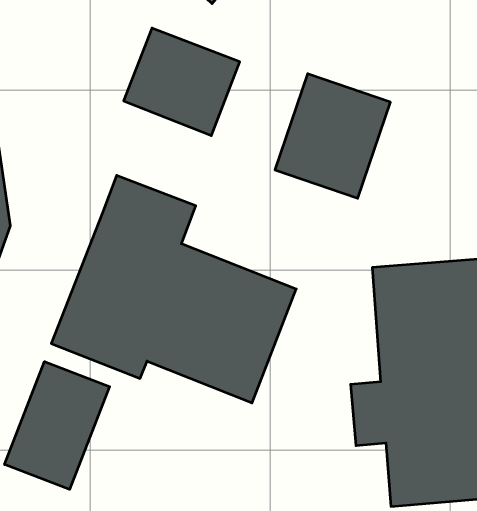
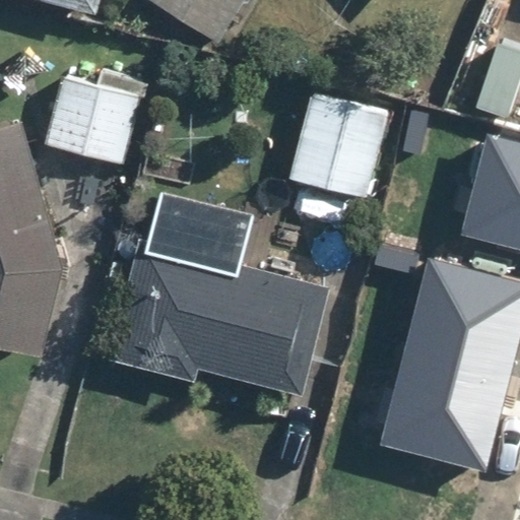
building: [124,28,240,136] -> [44,78,142,167]
building: [5,362,110,489] -> none

